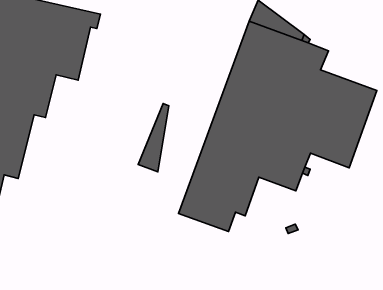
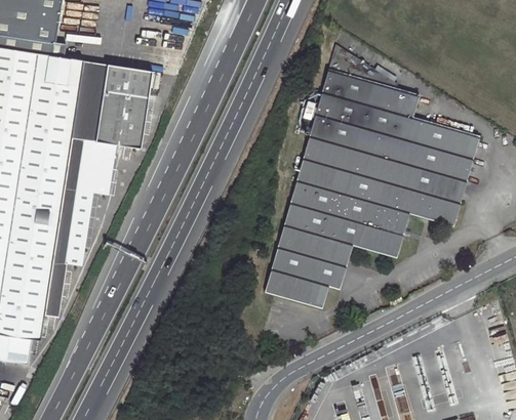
building: [138,104,169,172] -> none

